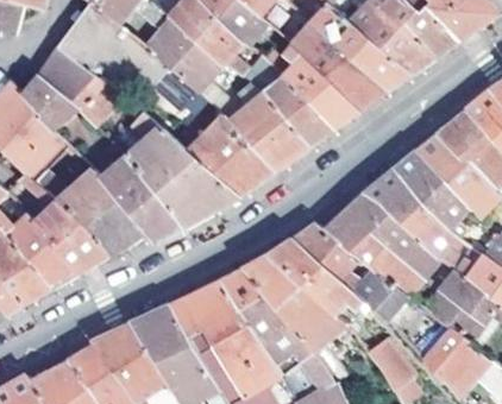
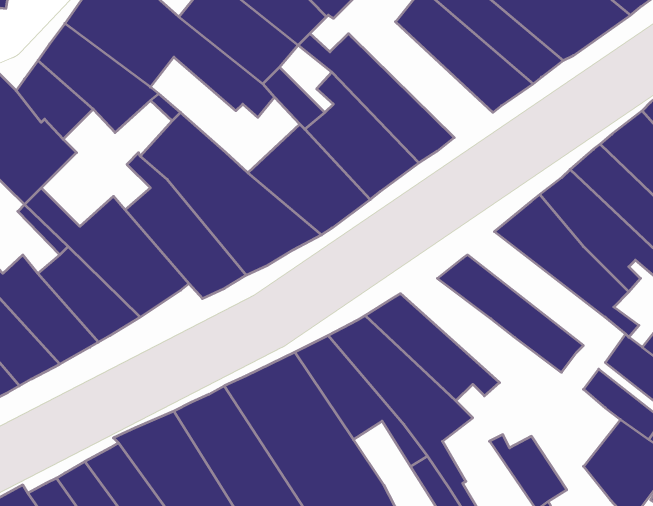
building: [261,45,360,127] -> none
building: [343,194,440,274] -> none
building: [295,223,409,321] -> none

